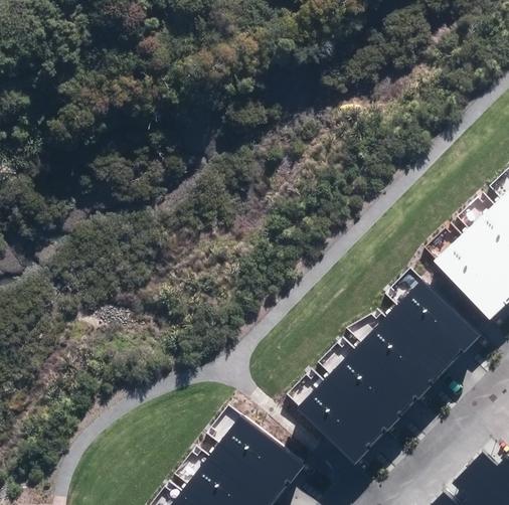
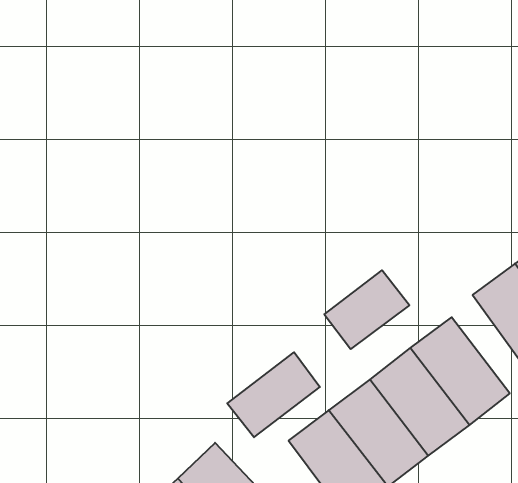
building: none -> [324,270,409,349]
building: none -> [227,352,320,437]

